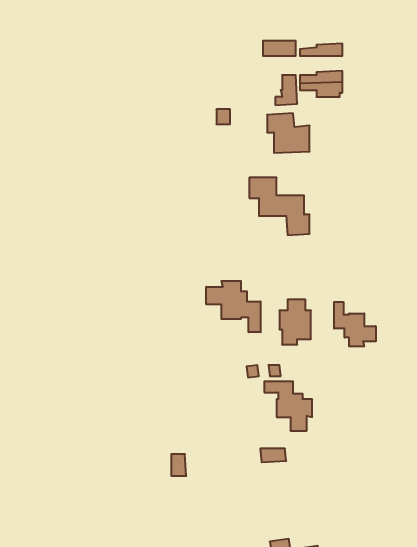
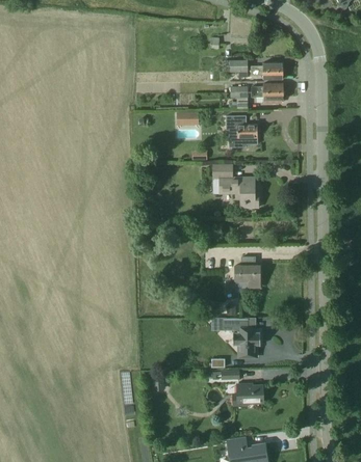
building: [206,281,261,332] -> none
building: [334,302,376,346] -> none
building: none -> [231,383,262,407]

